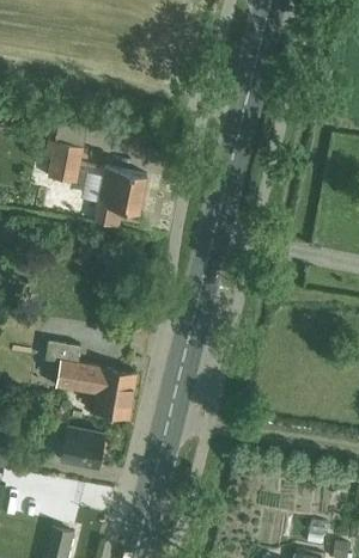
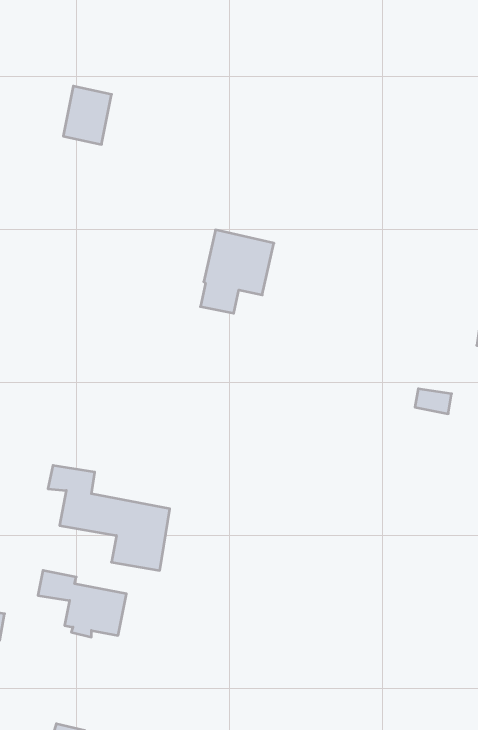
building: [48,141,83,183] -> [63,86,112,144]
building: [95,166,147,226] -> [200,230,274,313]

